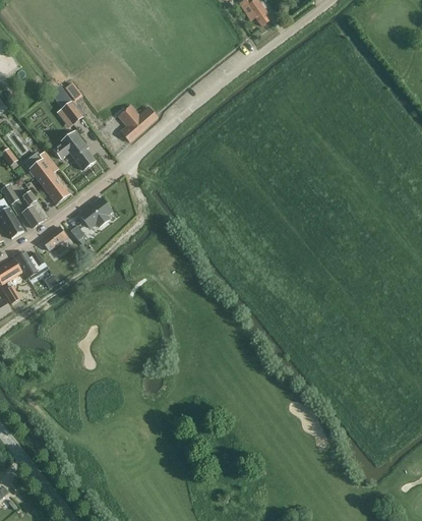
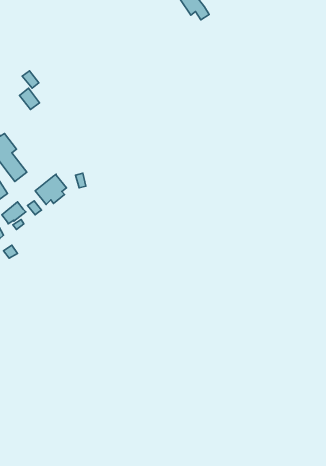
building: [117,105,157,140] -> none
building: [54,130,95,170] -> none

